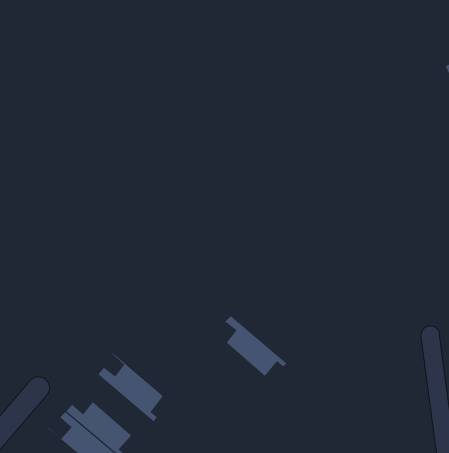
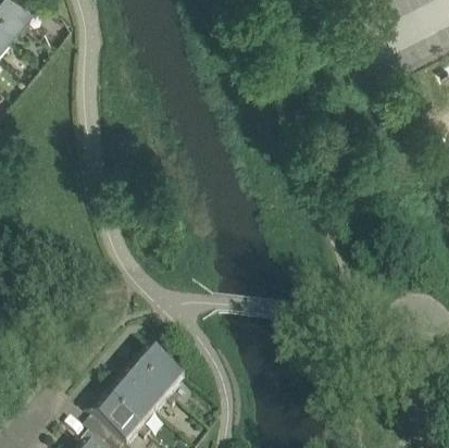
building: [225,315,287,377] -> [119,364,174,419]

